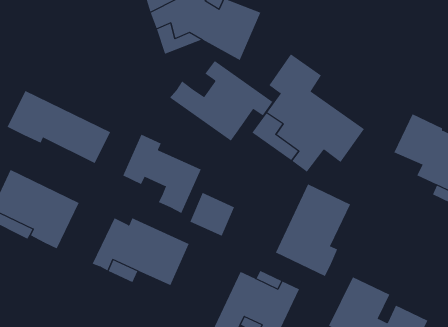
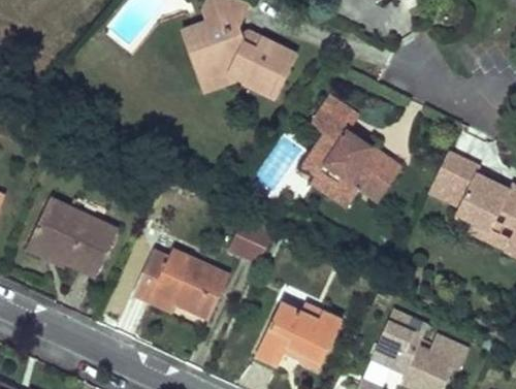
building: [169,60,273,142] -> none
building: [7,90,111,164] -> none
building: [123,134,202,214] -> none
building: [275,184,351,277] -> none

